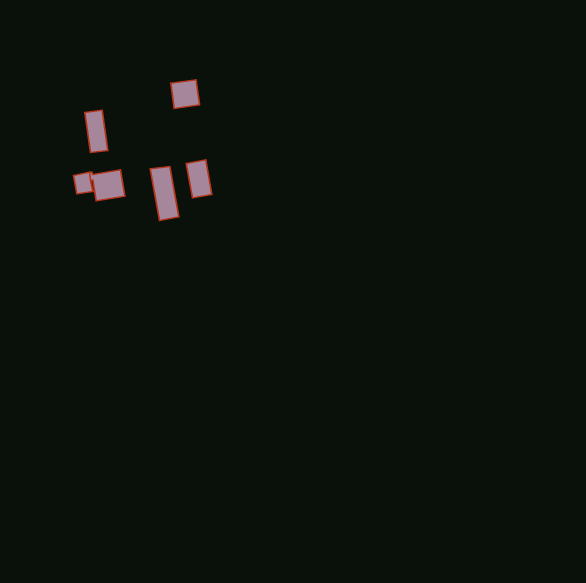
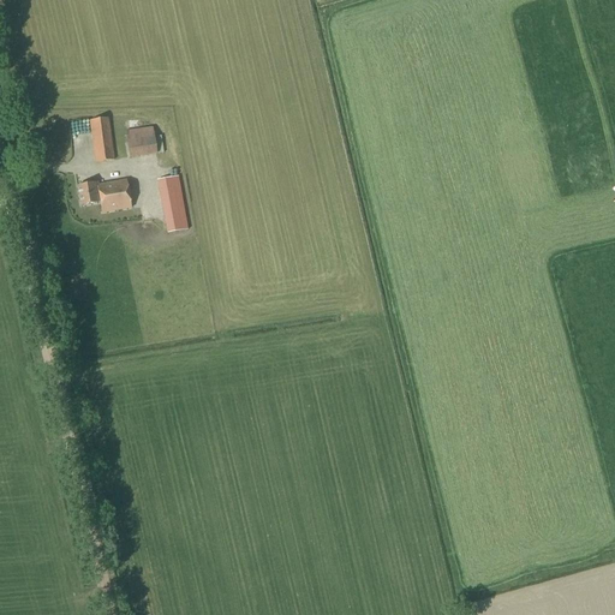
building: [171,80,199,108] -> [126,125,156,155]
building: [186,160,212,198] -> none

